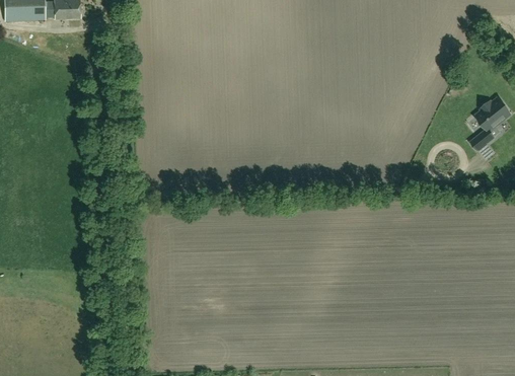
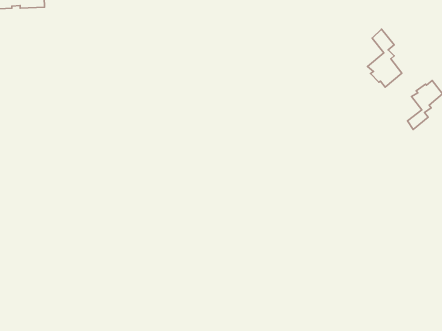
building: none -> [367,29,402,87]

